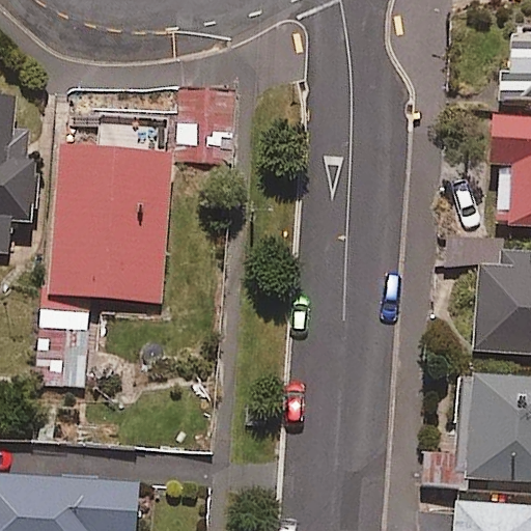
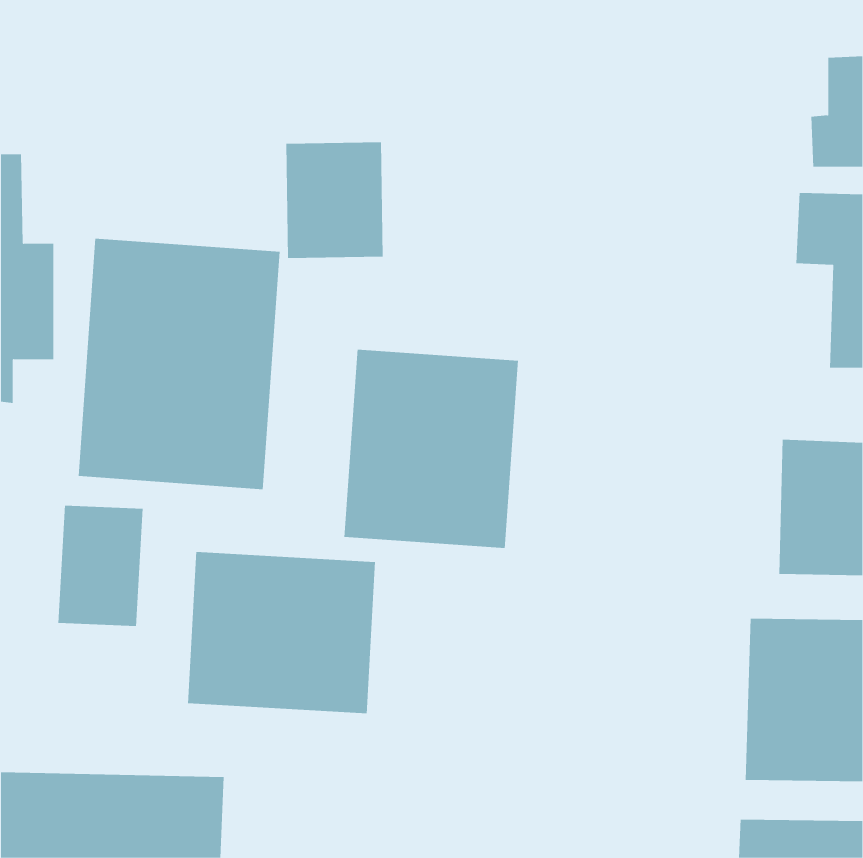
building: none -> [344,349,518,549]
building: none -> [187,551,376,714]

